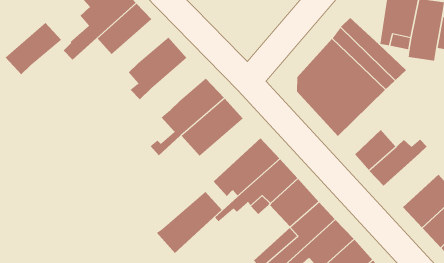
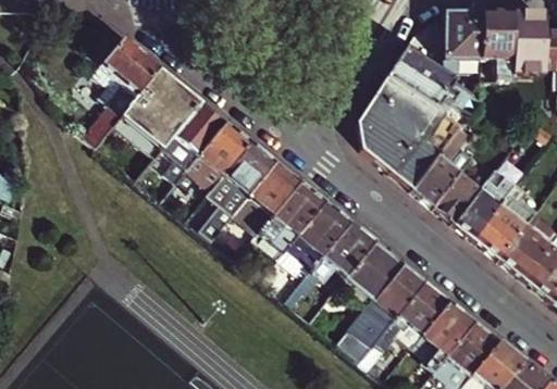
building: [5,22,62,75] -> [139,83,201,148]
building: none -> [180,121,251,184]
building: none -> [412,117,486,202]
building: none -> [473,190,534,254]
building: [156,191,223,254] -> [252,180,324,258]

